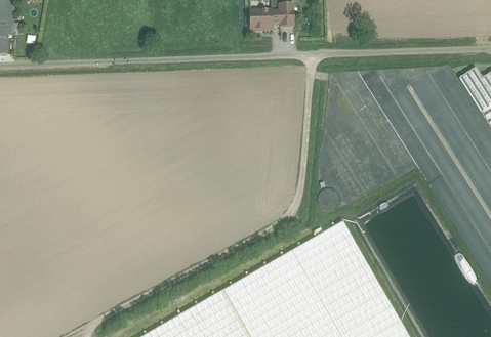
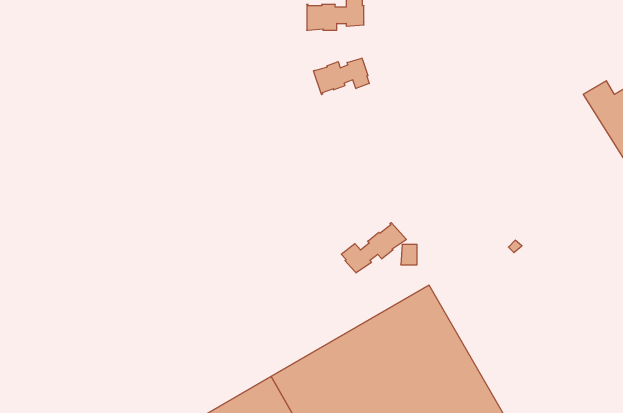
building: none -> [314,58,369,95]
building: none -> [341,223,406,273]

